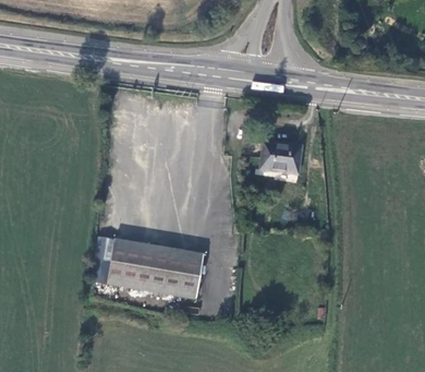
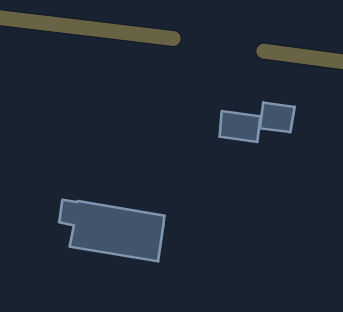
building: none -> [260,102,295,132]

